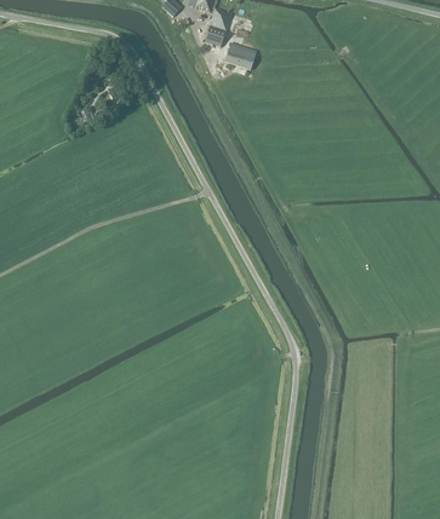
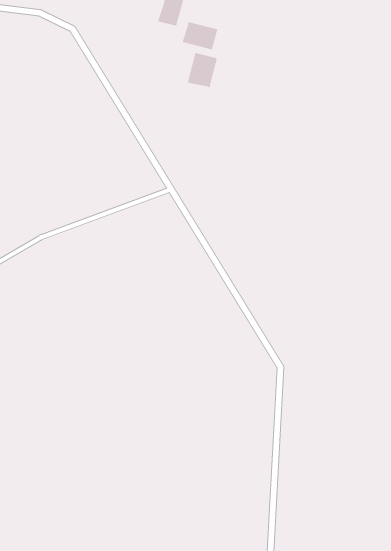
building: none -> [187,52,218,89]

